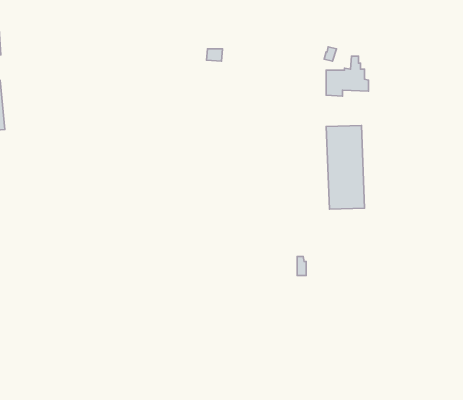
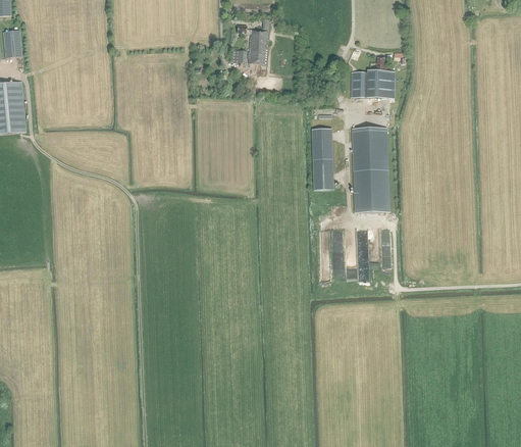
building: none -> [236,26,267,63]
building: none -> [311,128,333,190]

